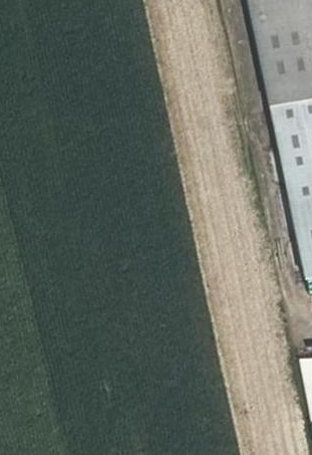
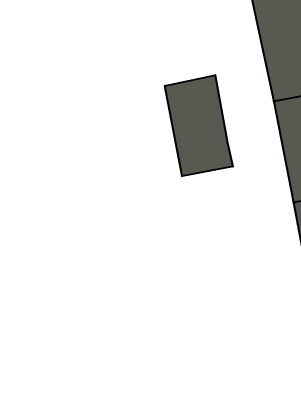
building: none -> [165,75,233,176]

